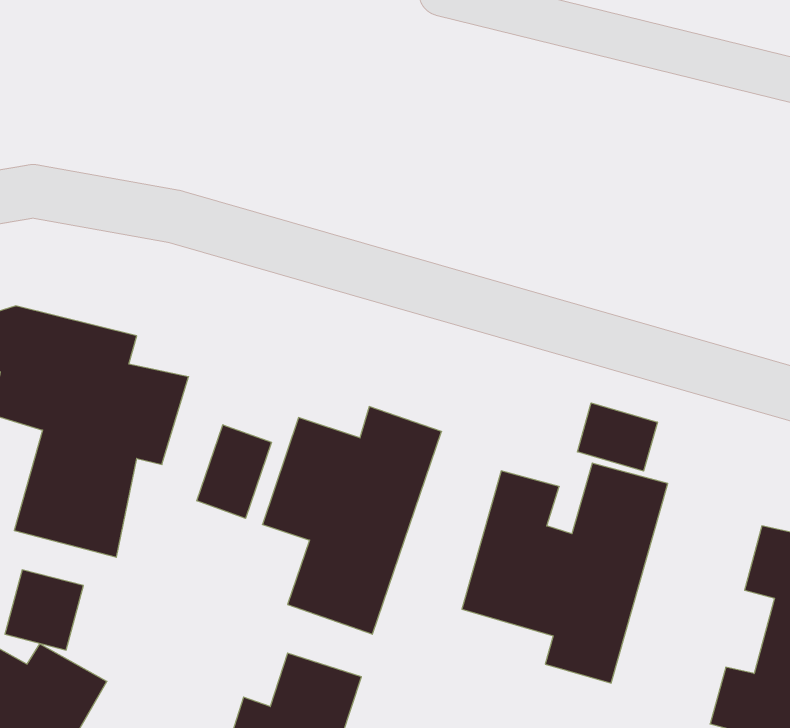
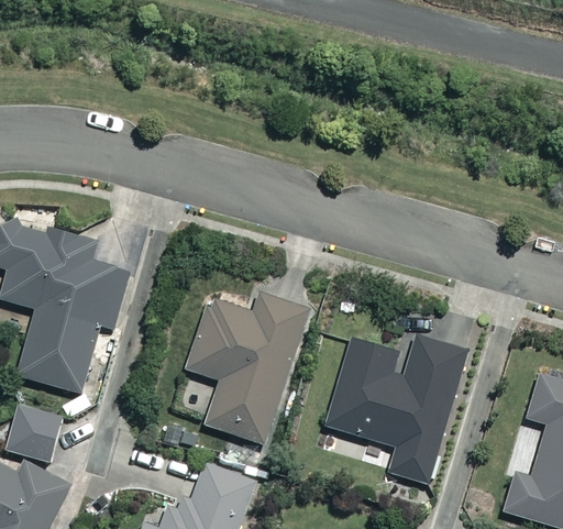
building: [577,403,657,471] -> none
building: [197,425,271,518] -> none

